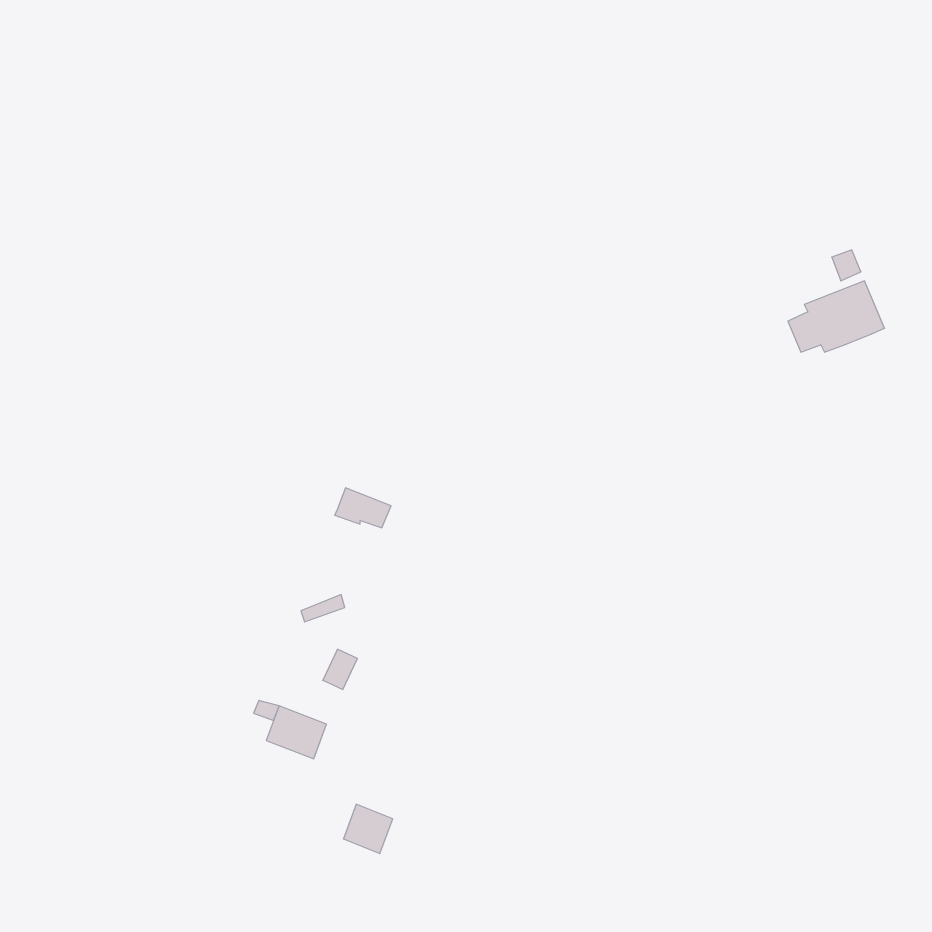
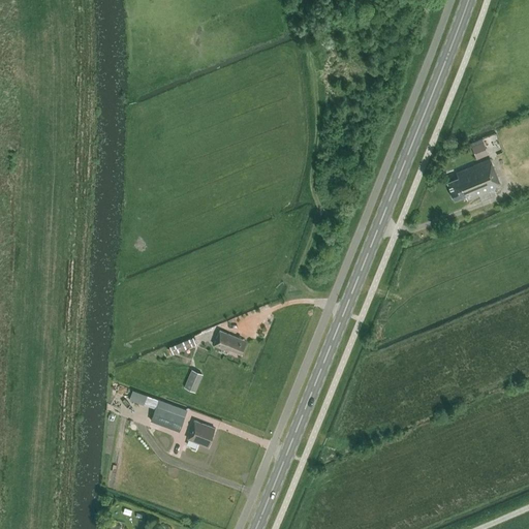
building: [335,488,391,528] -> [214,331,246,353]
building: [343,804,393,854] -> [186,419,214,447]

